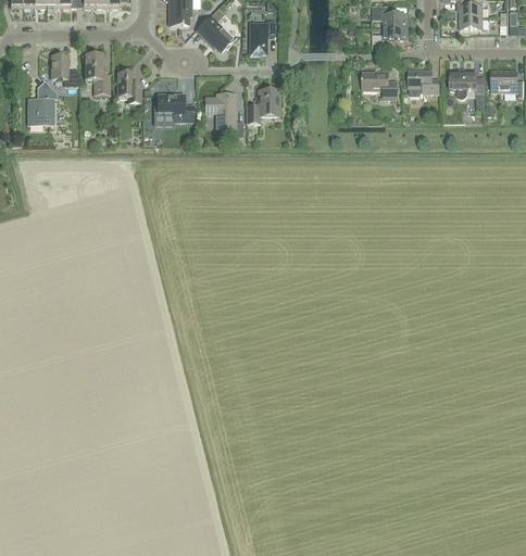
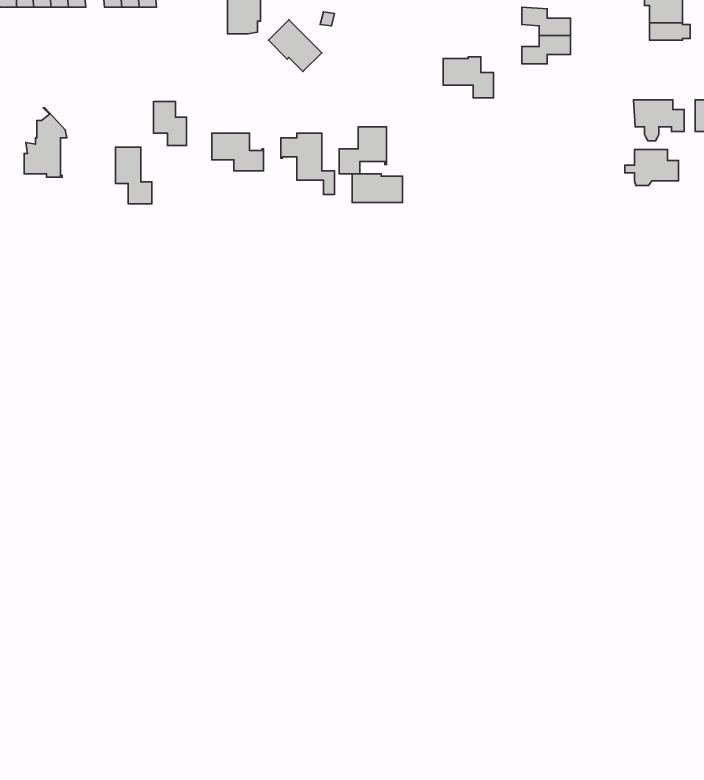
building: [249,18,276,54] -> none
building: [51,54,78,85] -> none
building: [85,54,110,93] -> [116,147,152,204]
building: [362,71,397,99] -> [443,57,493,98]
building: [402,71,439,96] -> [625,149,678,186]
building: none -> [352,174,403,203]

